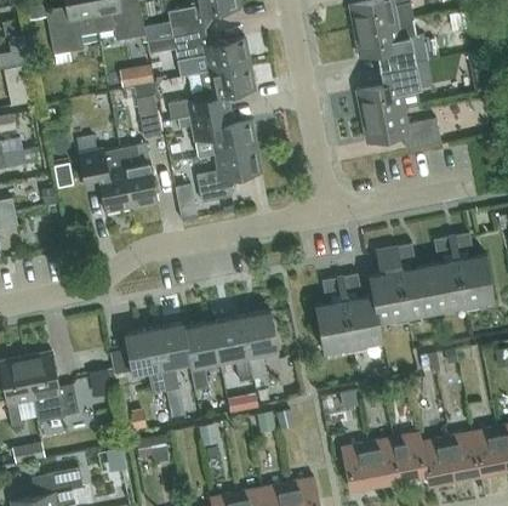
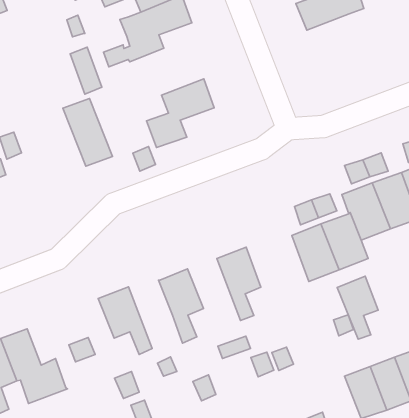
building: [361,108,440,149] -> none
building: [190,110,257,158] -> none
building: [78,137,132,214] -> none
building: [211,317,252,381] -> none
building: [153,323,189,391] -> none
building: none -> [337,276,378,339]

